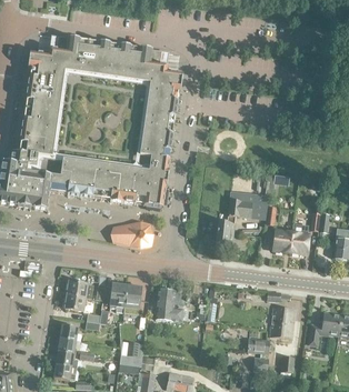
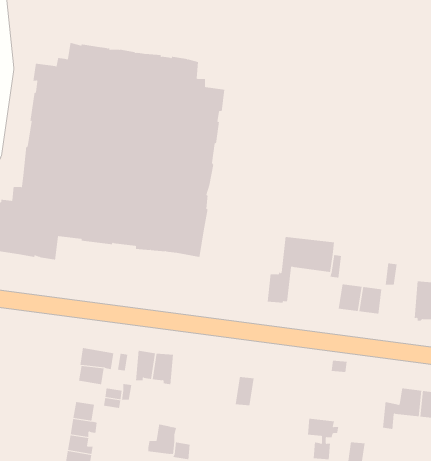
building: [113,221,152,247] -> none
building: [157,289,183,319] -> none
building: [269,305,295,338] -> none

